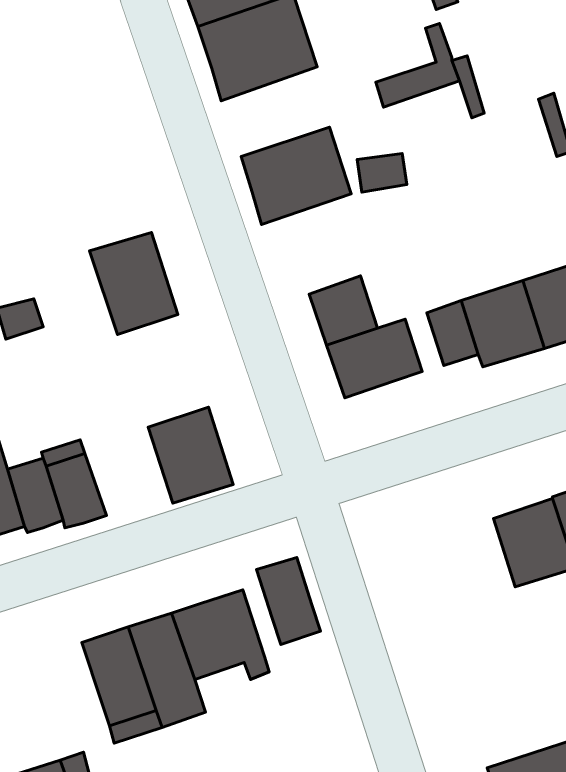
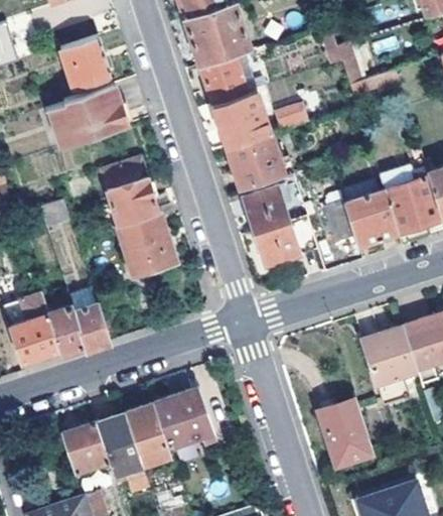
building: none -> [59,35,111,90]
building: none -> [186,48,263,107]
building: none -> [47,83,127,145]
building: none -> [212,131,284,194]
building: [148,407,233,503] -> [119,210,174,272]
building: [257,557,320,644] -> none
building: none -> [320,403,375,468]
building: none -> [60,423,109,475]

